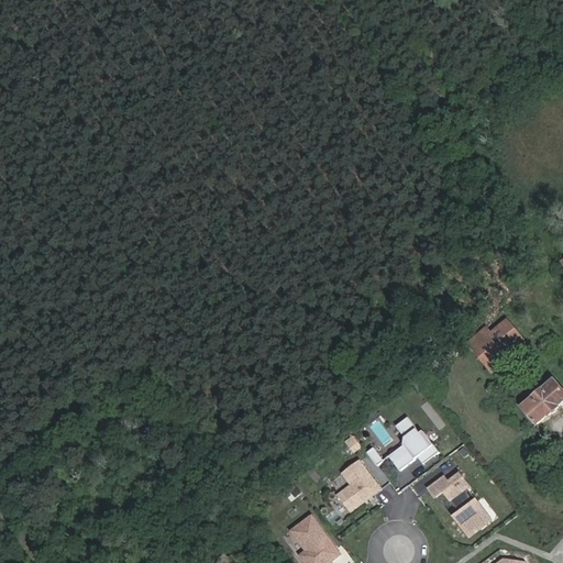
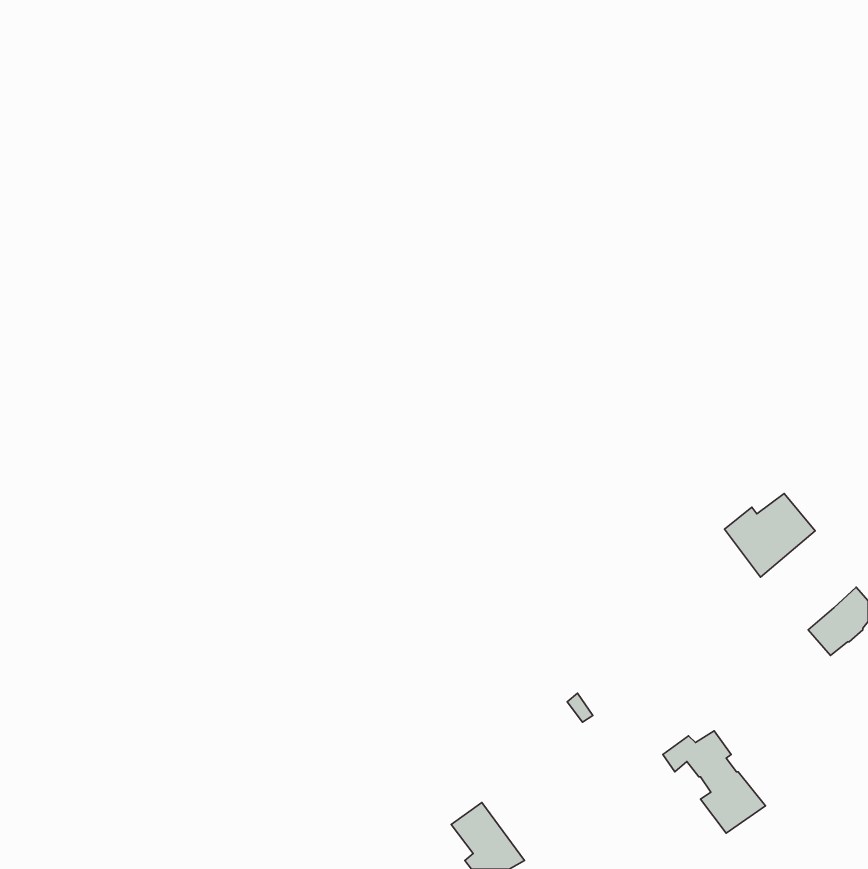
building: [388,416,437,470] -> none
building: [336,461,378,511] -> none

